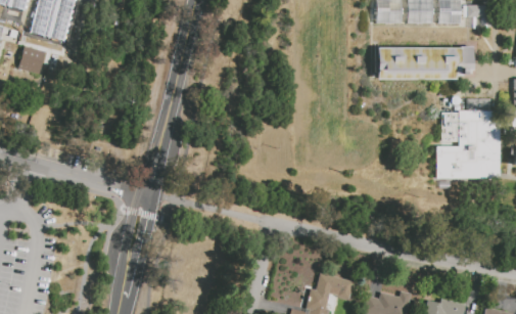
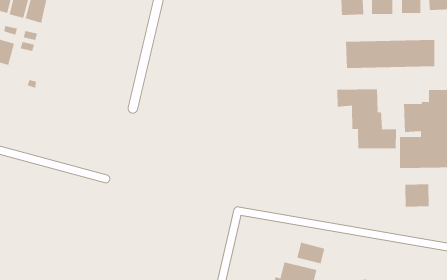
building: none -> [337,88,396,149]
building: none -> [405,183,429,207]
building: none -> [297,242,325,264]

